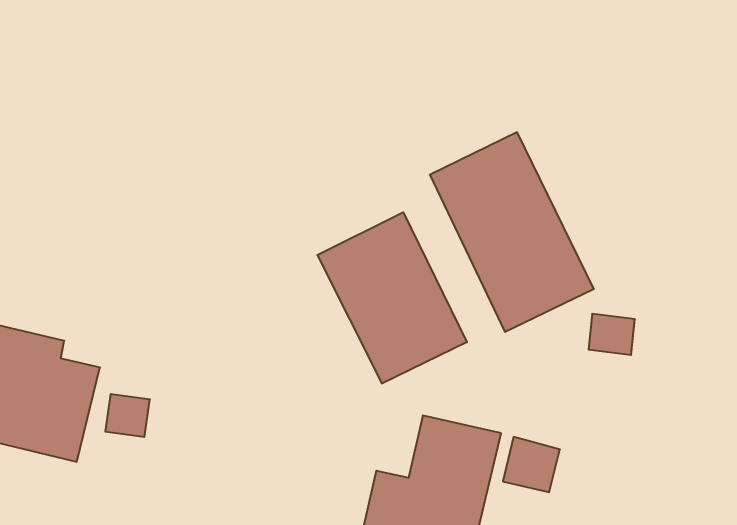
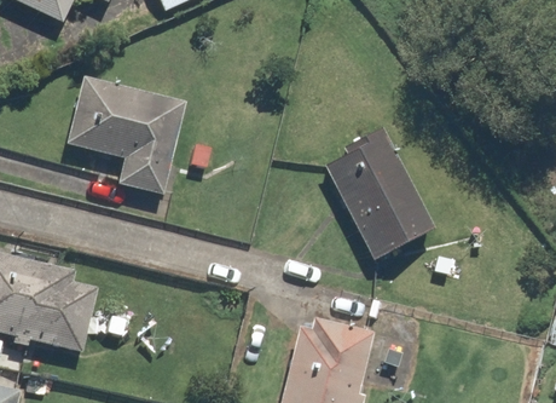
building: none -> [63,75,184,192]
building: [317,212,467,384] -> none

